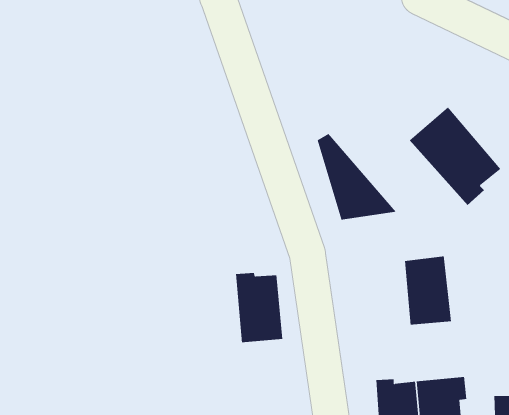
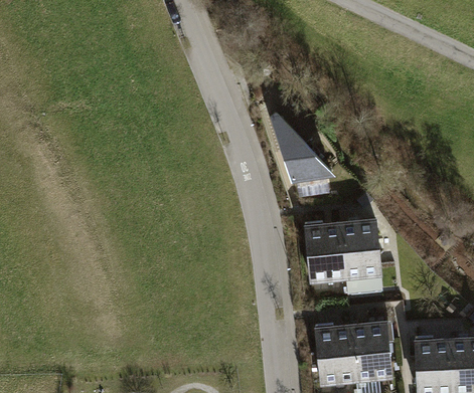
building: [409,106,501,206] -> none
building: [235,273,283,343] -> [306,222,346,281]

